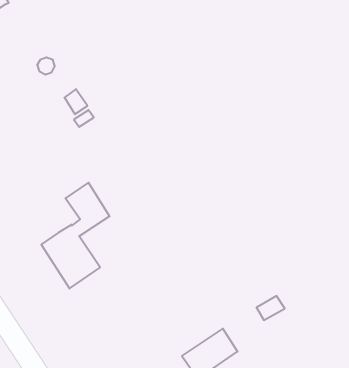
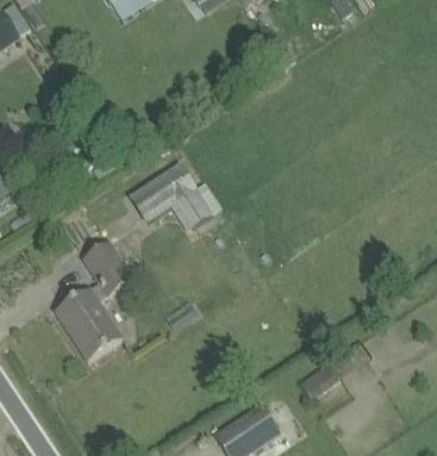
building: none -> [131,162,216,229]

